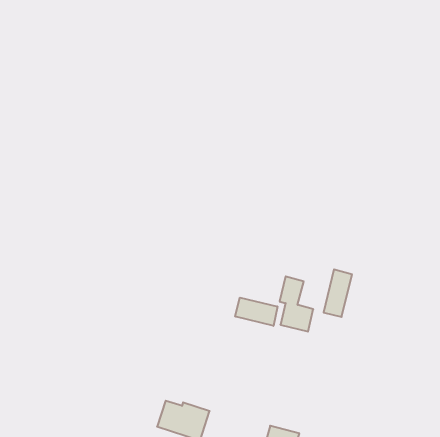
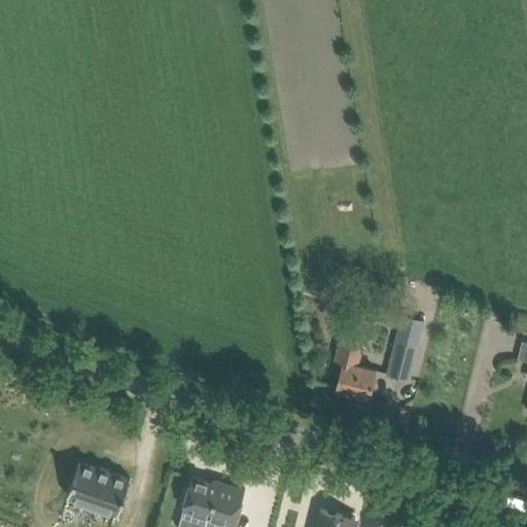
building: [235,298,277,326] -> none
building: none -> [66,465,129,518]

